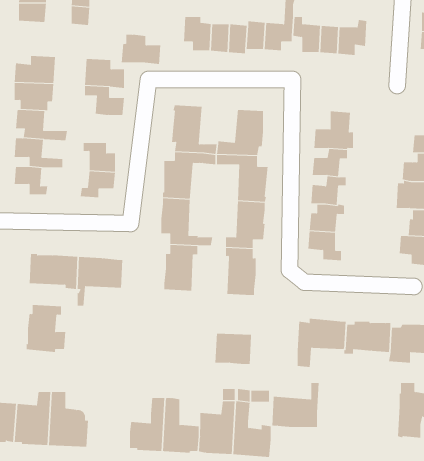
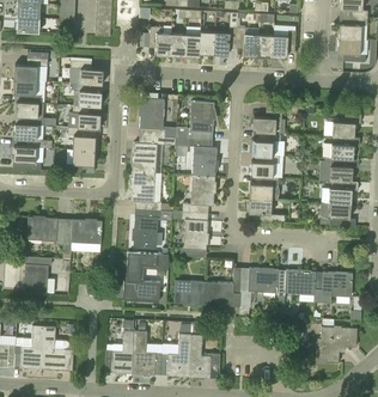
building: [121,34,161,64] -> [68,105,100,129]
building: none -> [123,252,160,303]
building: [271,383,319,428] -> [202,270,240,306]

